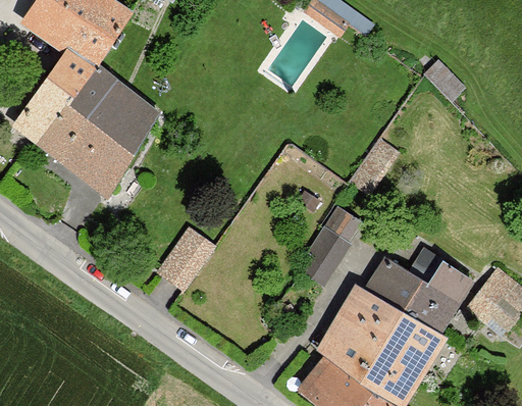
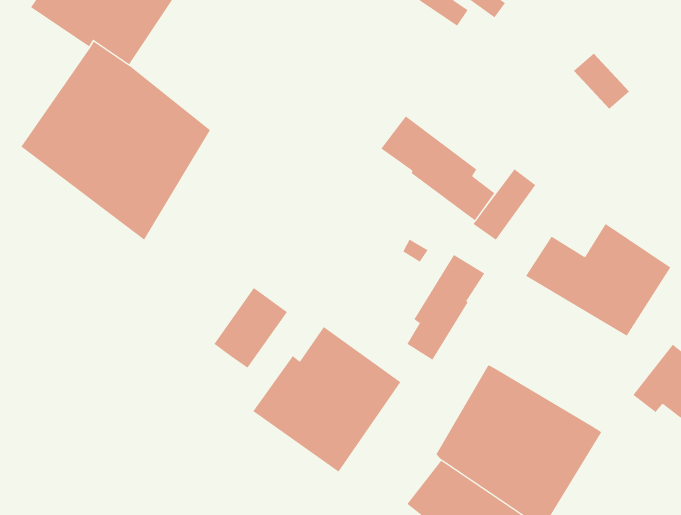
building: none -> [380,116,495,221]
building: [365,250,473,334] -> [525,223,671,336]
building: none -> [253,326,401,472]

